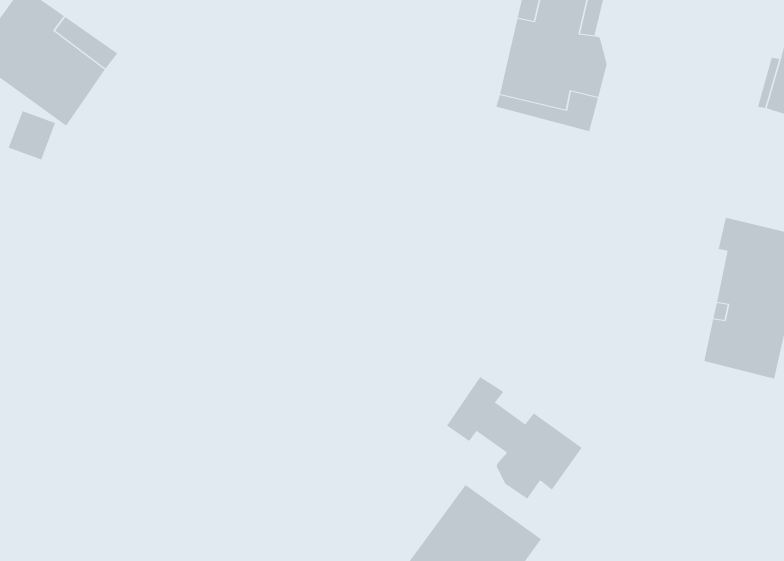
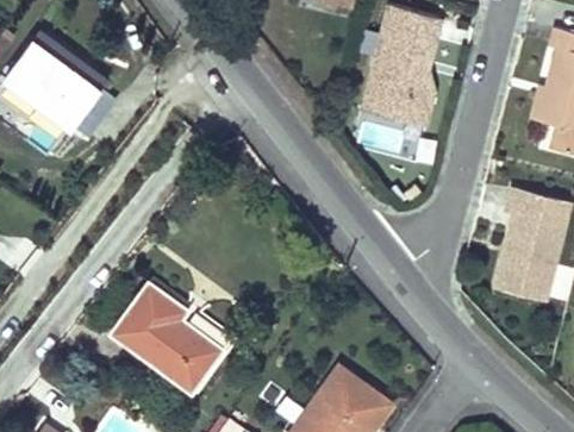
building: none -> [116,286,219,388]
building: [446,376,583,500] -> none

